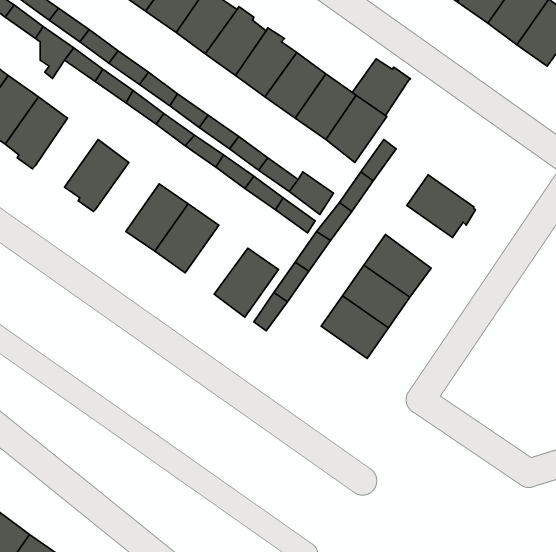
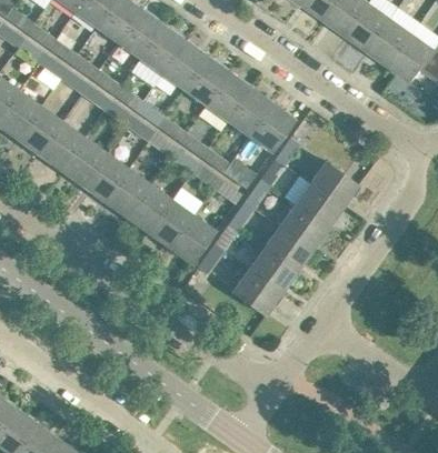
building: [352,59,411,116] -> none
building: none -> [39,120,84,172]
building: none -> [82,152,129,203]
building: none -> [293,183,342,229]
building: none -> [148,198,193,248]
building: none -> [231,271,282,316]

